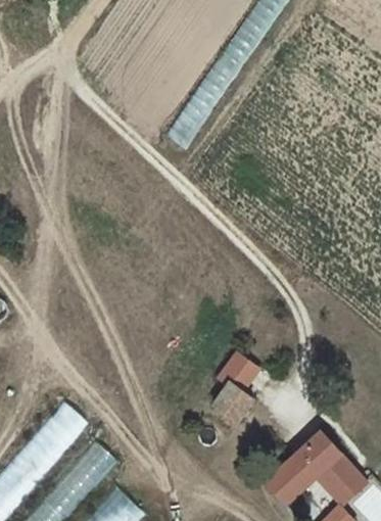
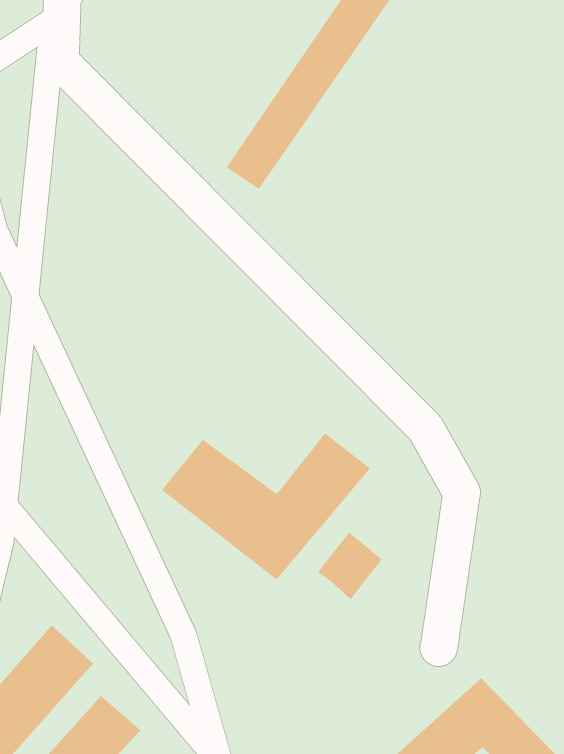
building: none -> [161,433,371,580]
building: [209,378,250,419] -> none

